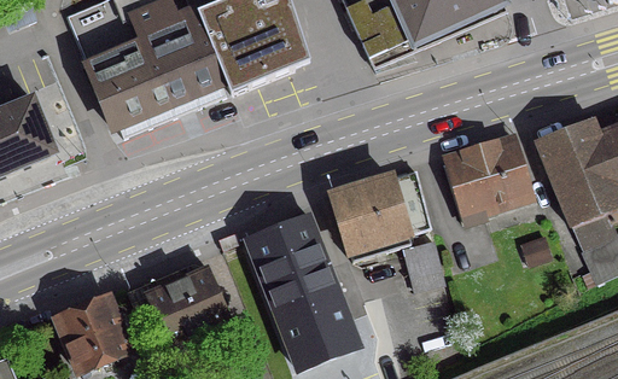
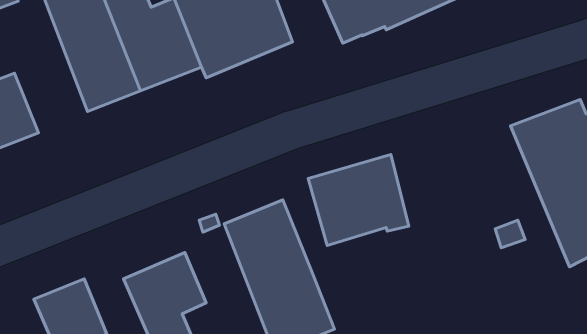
building: [441,139,530,222] -> none
building: [403,240,443,288] -> none

